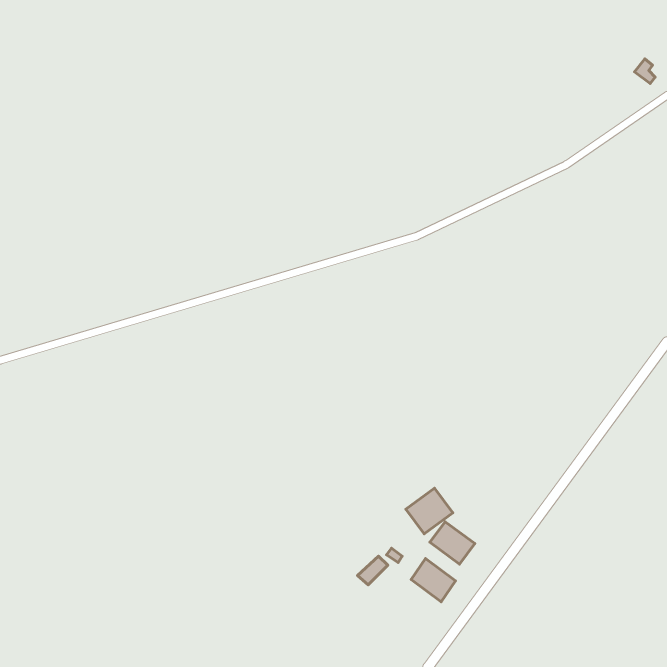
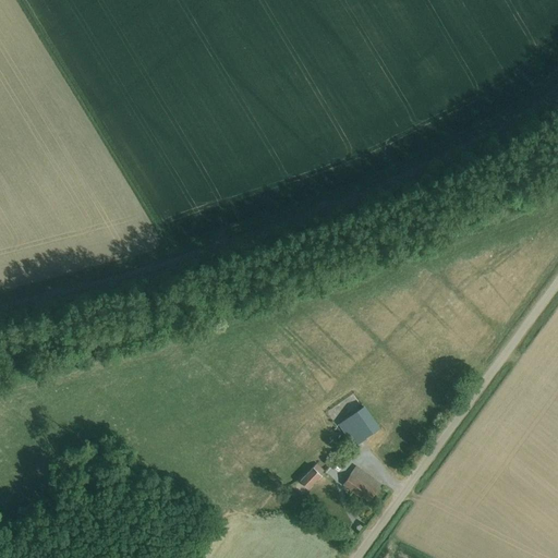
building: [430,522,475,564] -> none

